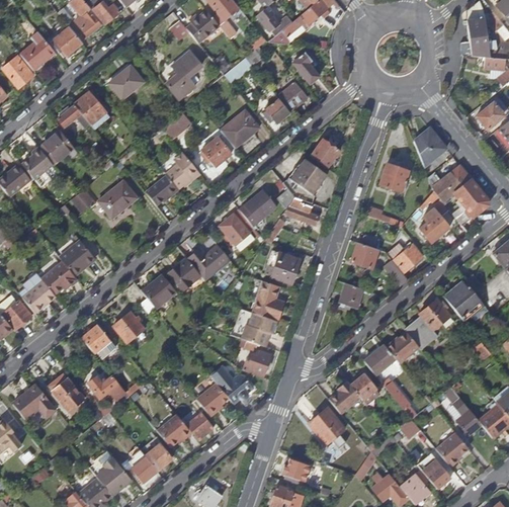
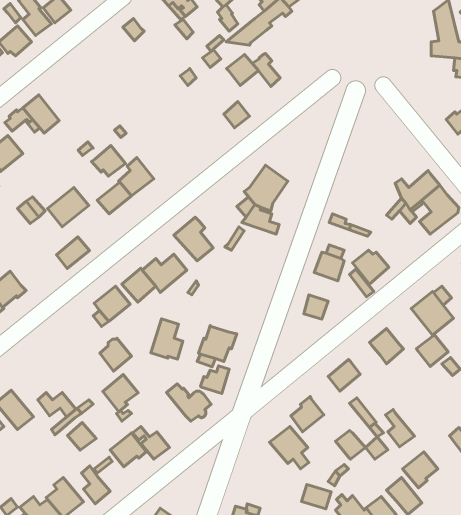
building: [186,9,218,40] -> none
building: [165,51,201,99] -> none
building: [109,66,143,99] -> none
building: [276,83,307,112] -> [226,55,258,85]
building: [220,110,259,148] -> none
building: [414,128,446,166] -> none
building: [198,137,231,166] -> [92,145,126,176]
building: [311,139,339,167] -> none
building: [379,163,408,191] -> none
building: [242,189,276,226] -> none
building: [419,207,449,242] -> none
building: [62,243,93,273] -> [56,237,89,269]
building: [267,250,300,283] -> none
building: [253,280,283,319] -> [151,319,183,359]
building: [419,300,449,330] -> [416,335,448,367]
building: [113,311,144,342] -> [100,338,132,371]
building: [81,324,115,359] -> none
building: [386,331,419,362] -> none
building: [348,371,376,399] -> [336,431,365,459]
building: [195,381,229,416] -> [103,375,138,412]
building: [454,399,482,434] -> [386,410,414,447]
building: [145,443,172,470] -> [67,423,96,450]
building: [281,457,310,481] -> [302,484,331,509]

